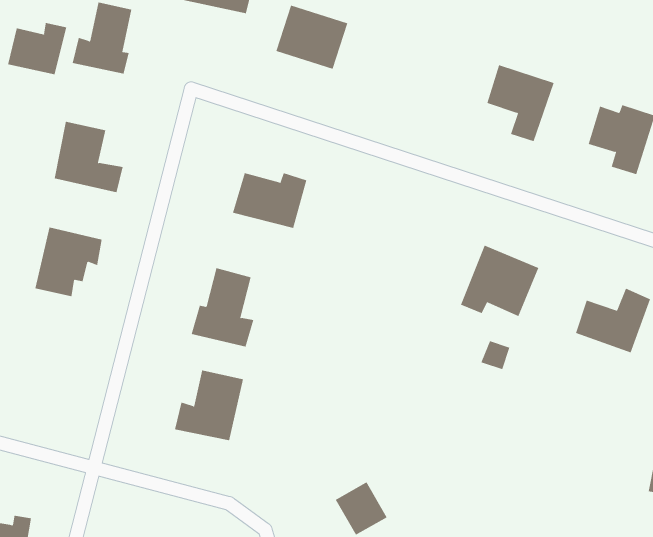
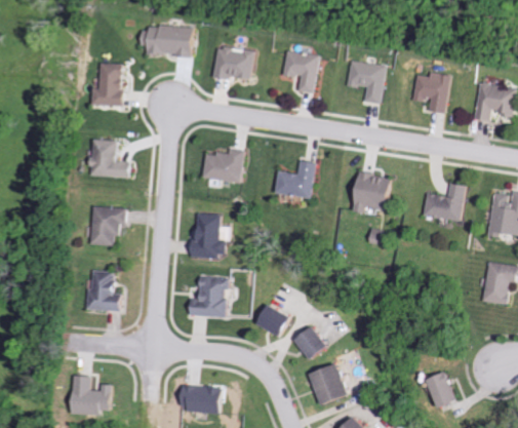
building: [8,22,67,75] -> none
building: none -> [281,50,318,92]
building: none -> [276,160,315,197]
building: none -> [87,270,123,310]
building: none -> [258,306,290,336]

